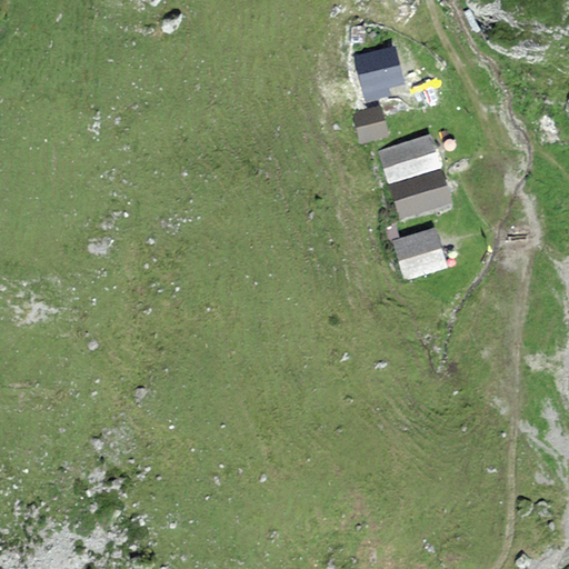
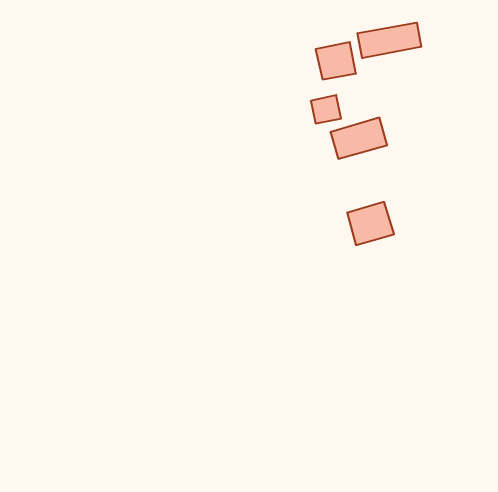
building: none -> [358,23,421,58]
building: [387,168,451,218] -> none

